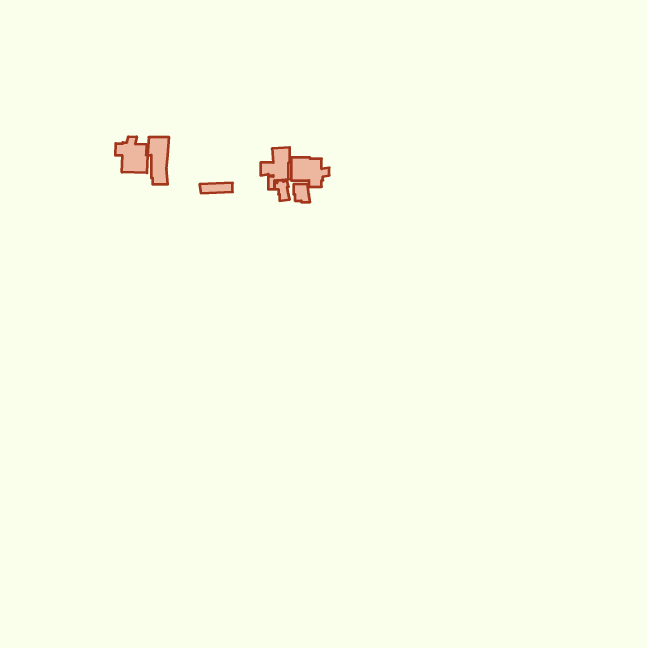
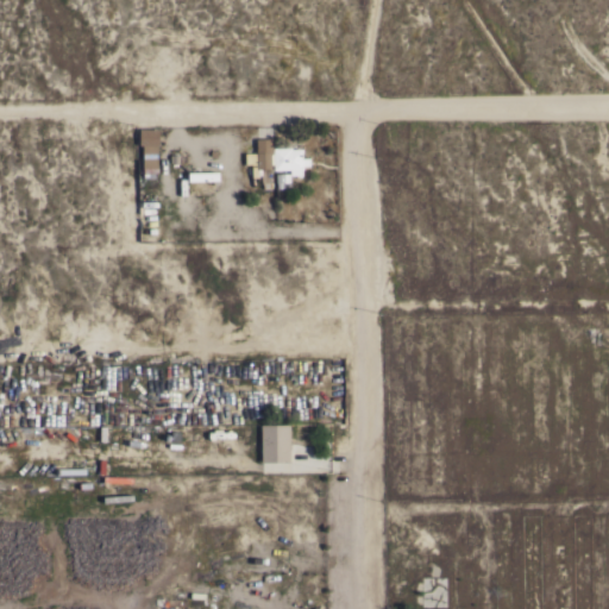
building: [115,137,147,173] -> none
building: none -> [262,425,291,463]

